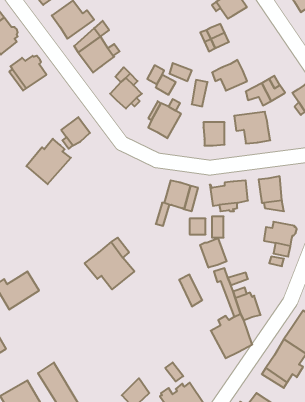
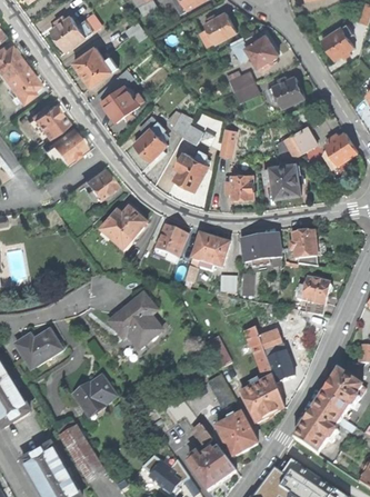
building: [212,60,247,91] -> [269,73,306,106]
building: none -> [49,127,87,161]
building: [26,139,71,184] -> [100,202,147,250]
building: none -> [156,225,187,257]
building: [200,238,227,268] -> none
building: none -> [207,374,236,408]
building: none -> [73,378,116,416]
building: none -> [216,414,257,457]

